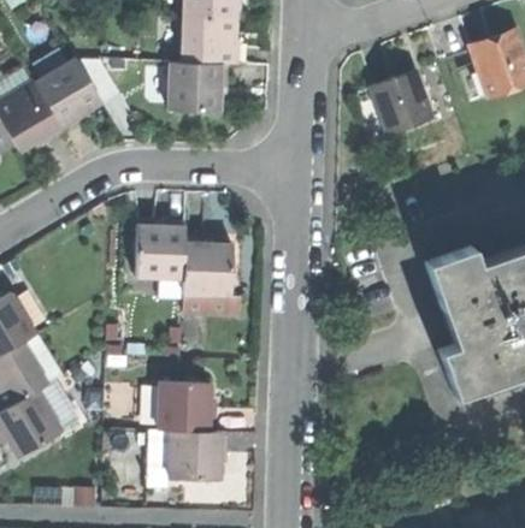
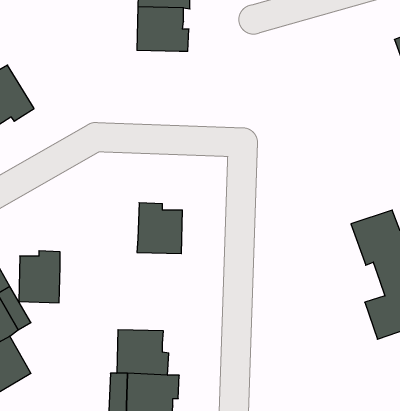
building: [34,58,101,131] -> none
building: [167,65,229,114] -> none
building: [372,71,432,134] -> none
building: [136,220,183,279] -> [19,251,60,303]

